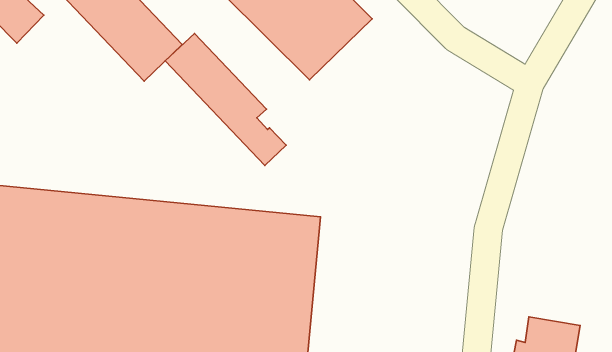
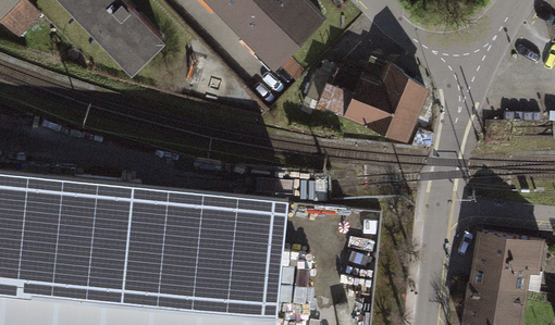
building: [165,34,286,166] -> none
building: none -> [300,57,423,139]
building: none -> [465,230,535,295]

